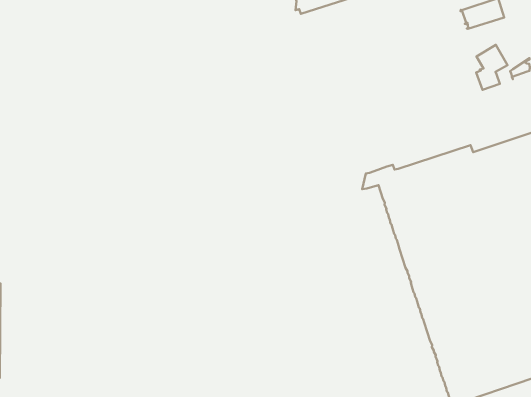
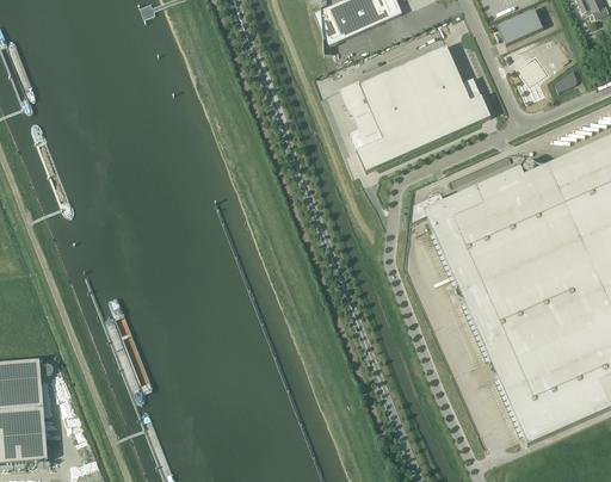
building: none -> [339,43,490,169]

